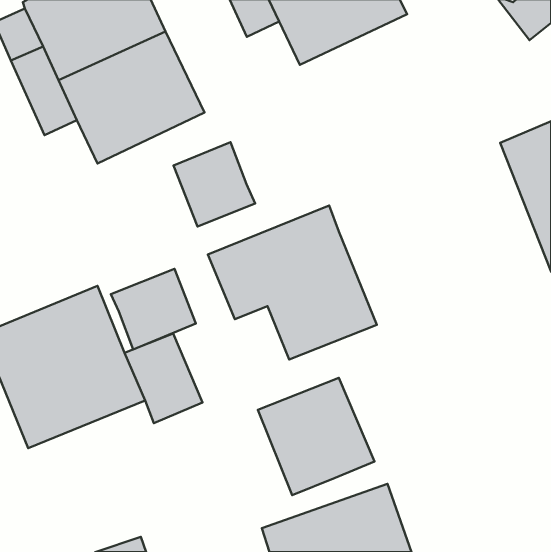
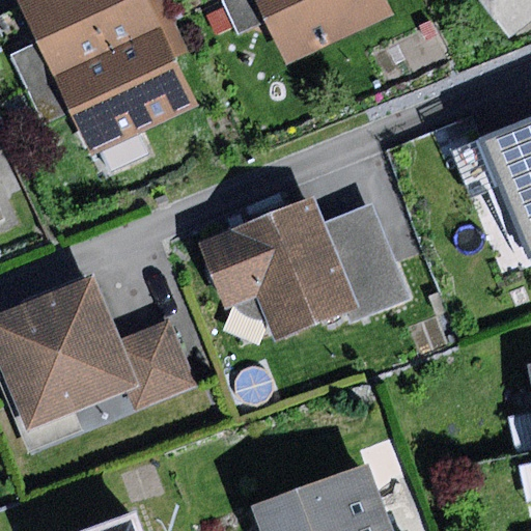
building: [173,142,255,227] -> none
building: none -> [325,203,410,318]
building: [111,269,196,349] -> none
building: [258,378,374,495] -> none

